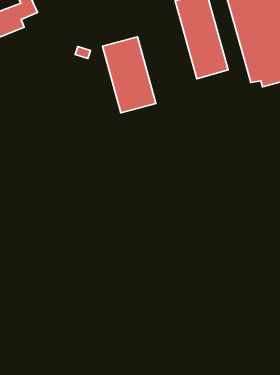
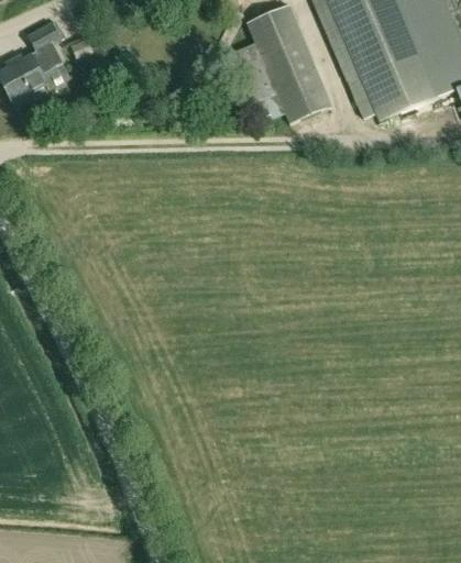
building: [103,37,156,113] -> none

